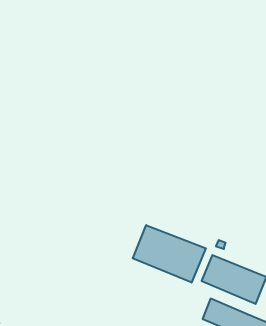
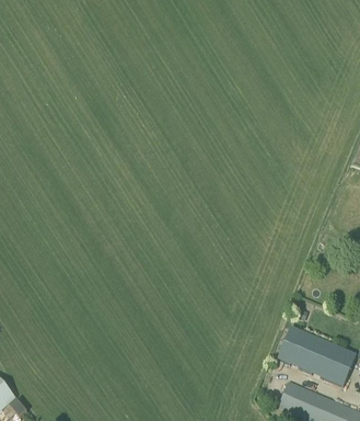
building: [133,225,206,283] -> none

